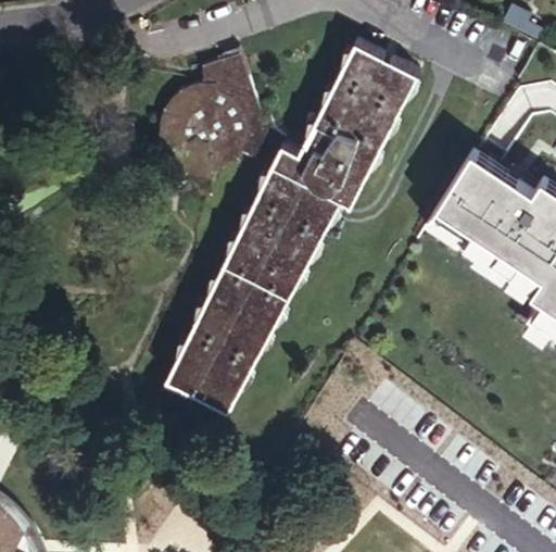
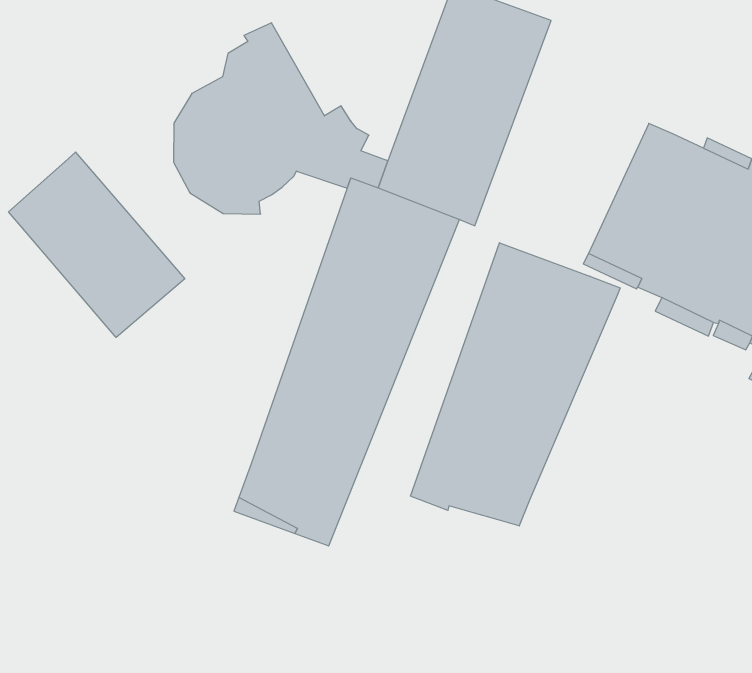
building: none -> [9,152,185,337]
building: none -> [411,243,620,526]

